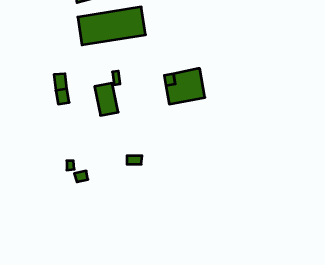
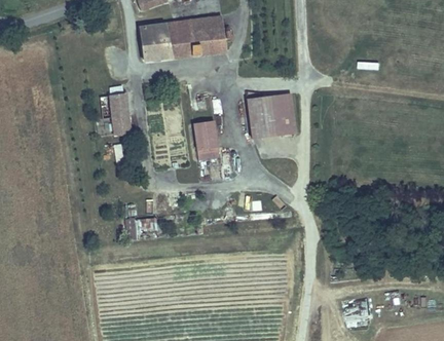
building: [95,83,118,115] -> [194,122,223,161]

